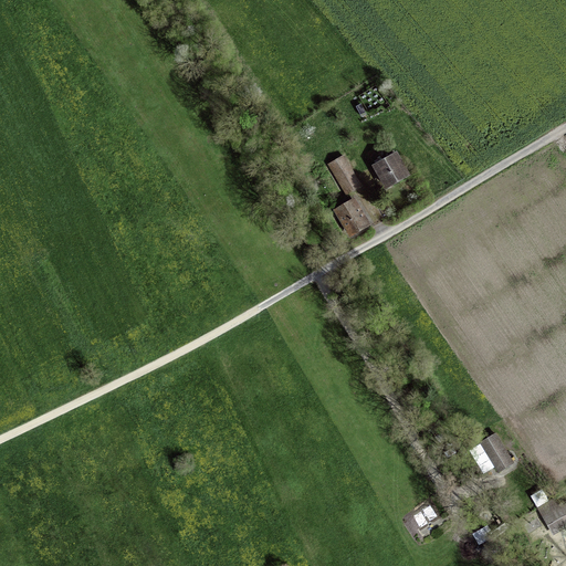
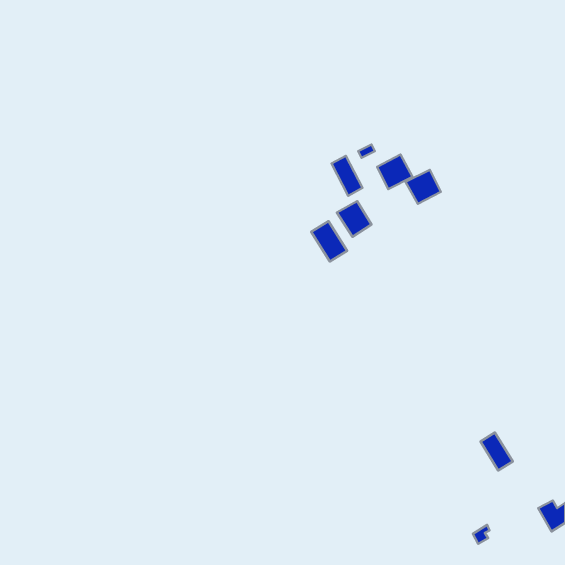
building: none -> [405,170,441,204]
building: none -> [311,221,347,261]

